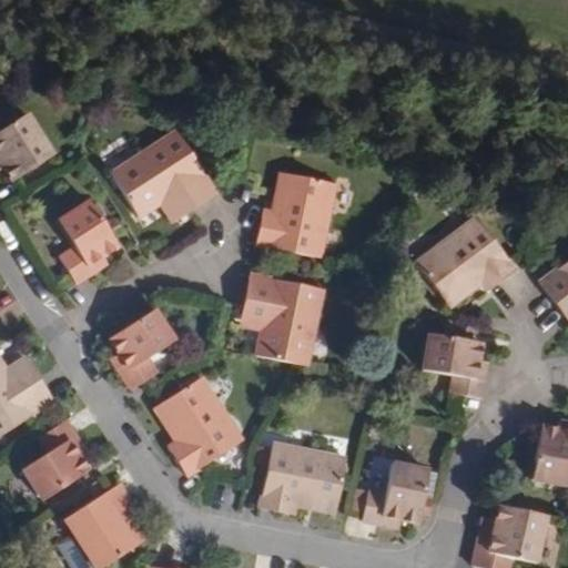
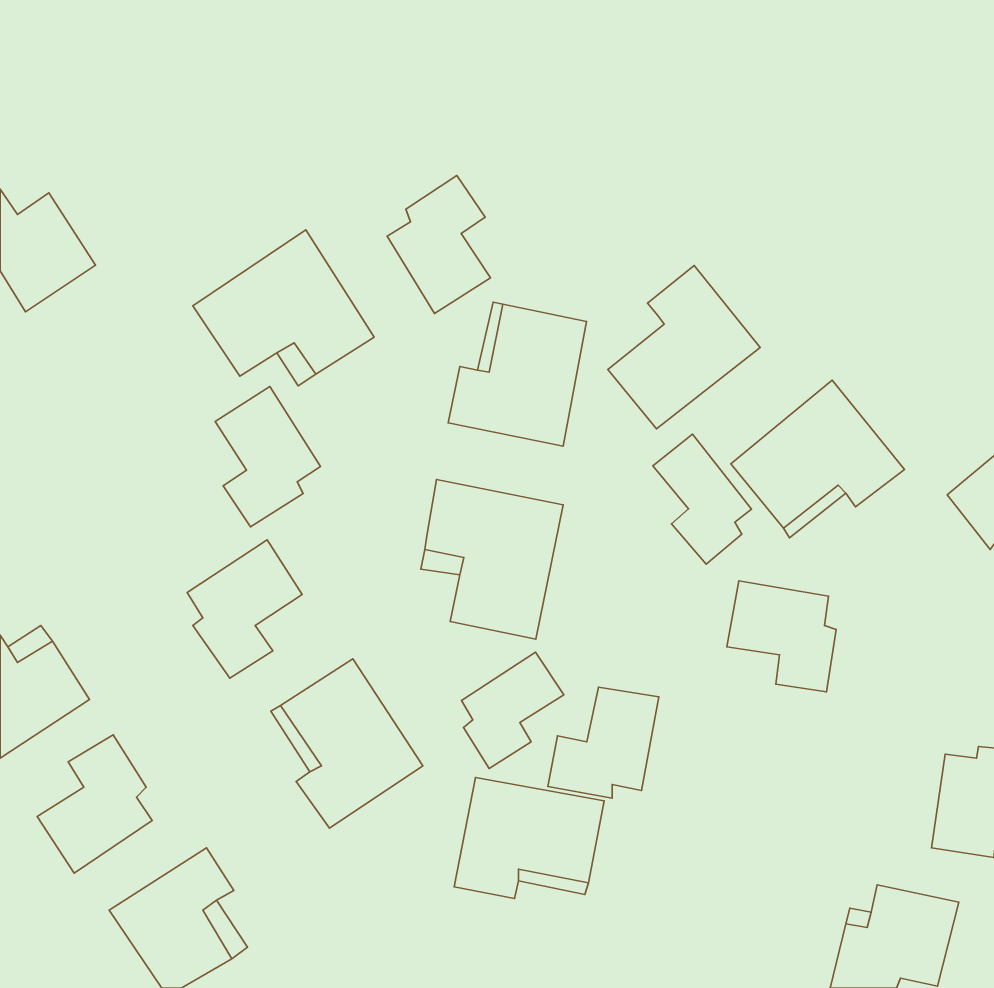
building: none -> [387,176,491,313]
building: none -> [608,266,760,429]
building: [55,200,115,280] -> [215,386,321,527]
building: none -> [653,434,752,564]
building: none -> [461,652,564,768]
building: [364,463,427,526] -> [548,687,659,798]

